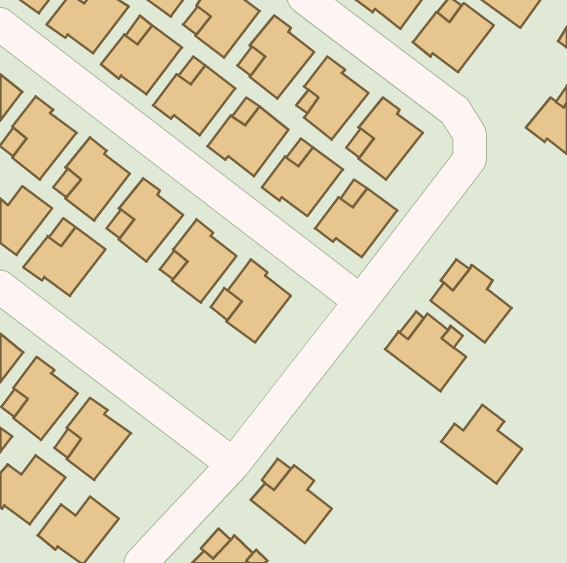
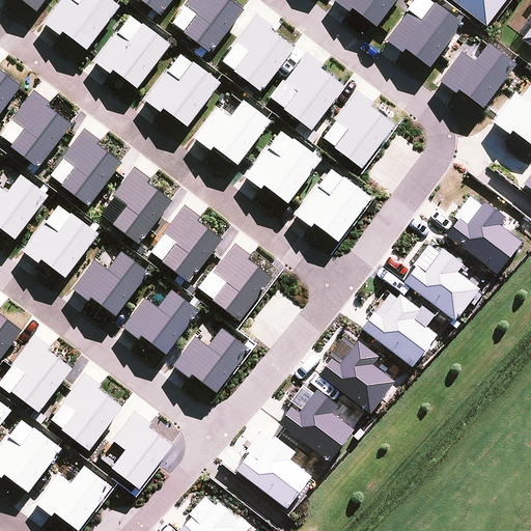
building: none -> [439,44,514,108]
building: none -> [445,202,521,275]
building: none -> [72,251,147,315]
building: none -> [122,289,198,354]
building: none -> [172,328,249,392]
building: [441,405,522,484] -> [318,339,394,413]
building: none -> [278,389,354,462]
building: none -> [111,411,172,488]

